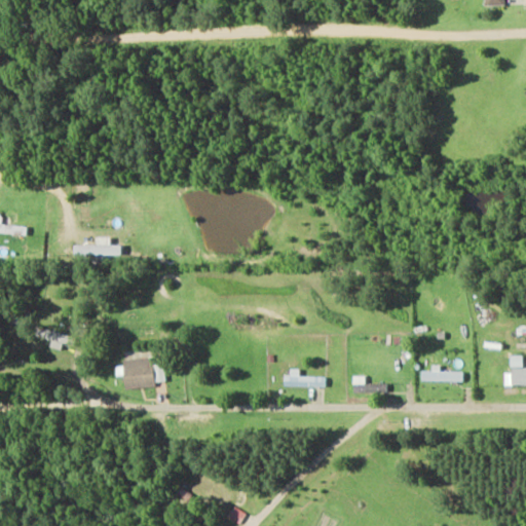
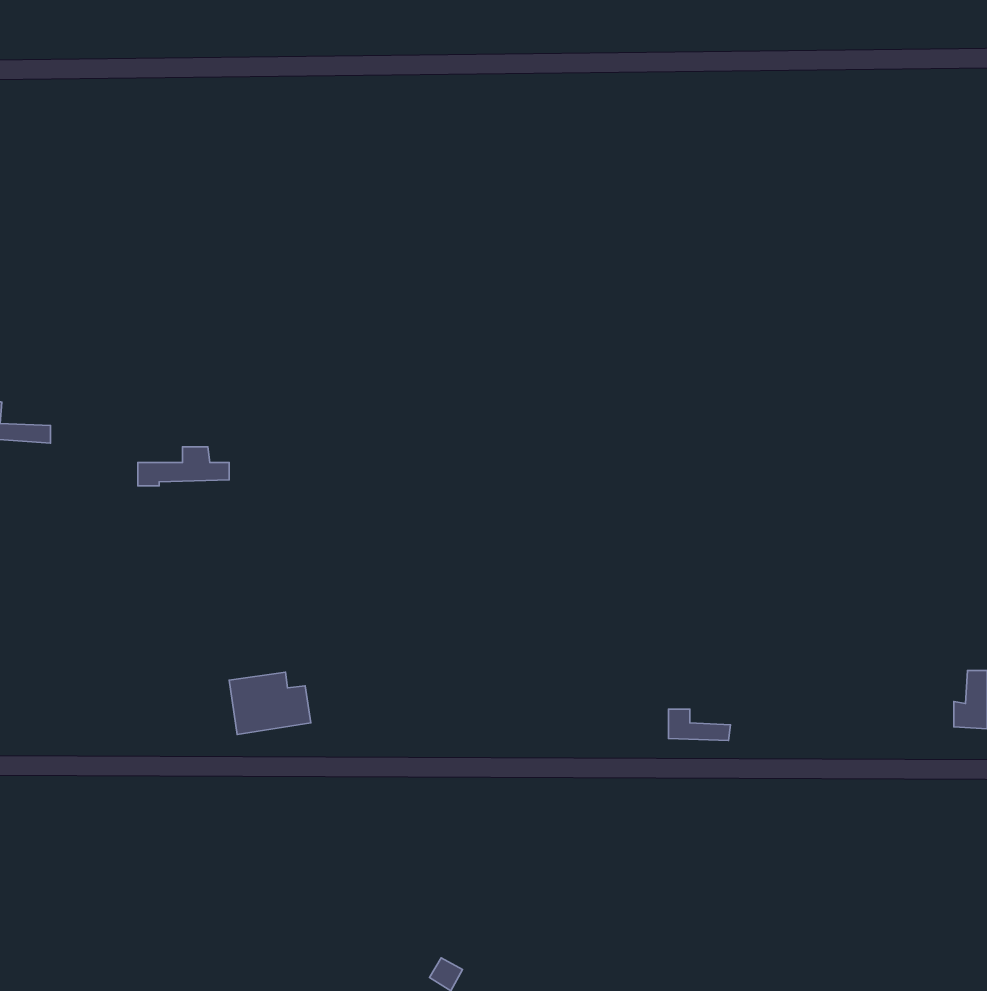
building: [44,330,75,350] -> none
building: [418,364,459,380] -> none
building: [283,369,325,386] -> none

